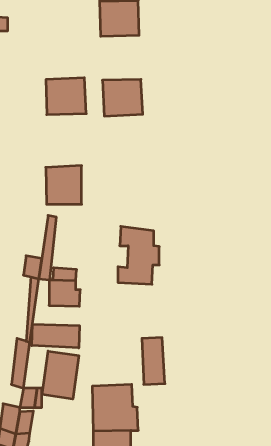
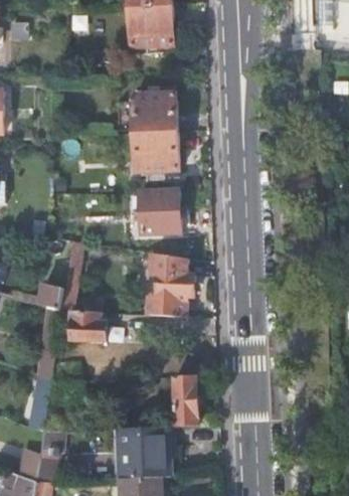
building: [46,78,86,115] -> [133,132,177,172]
building: [46,166,82,204] -> [139,190,178,232]
building: [32,324,79,348] -> none
building: [42,351,79,399] -> none

